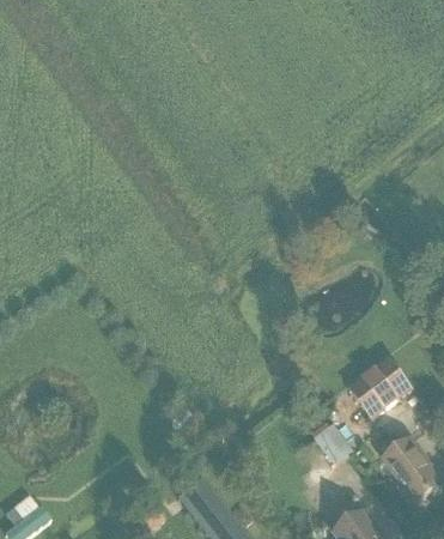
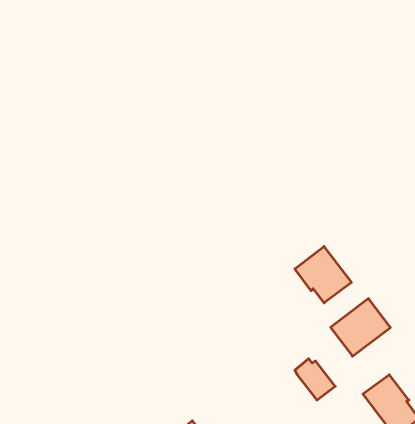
building: none -> [295,246,351,303]

